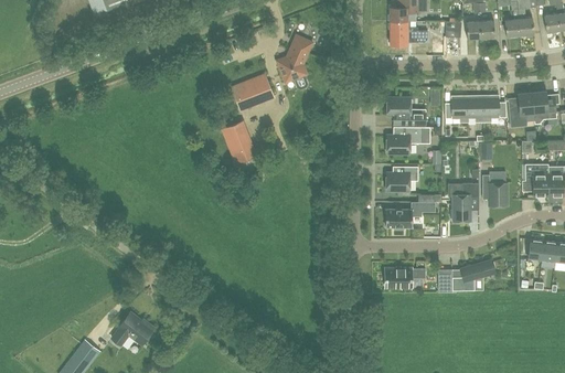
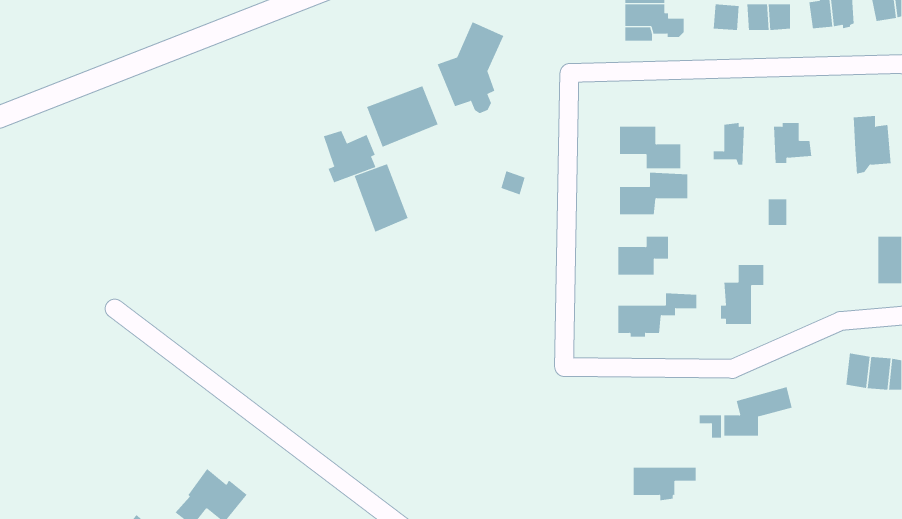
building: [509,92,533,127] -> none
building: [463,95,483,121] -> none
building: none -> [323,130,376,183]
building: [524,163,547,195] -> none
building: [481,174,505,205] -> none
building: [384,268,424,289] -> [633,467,697,501]

